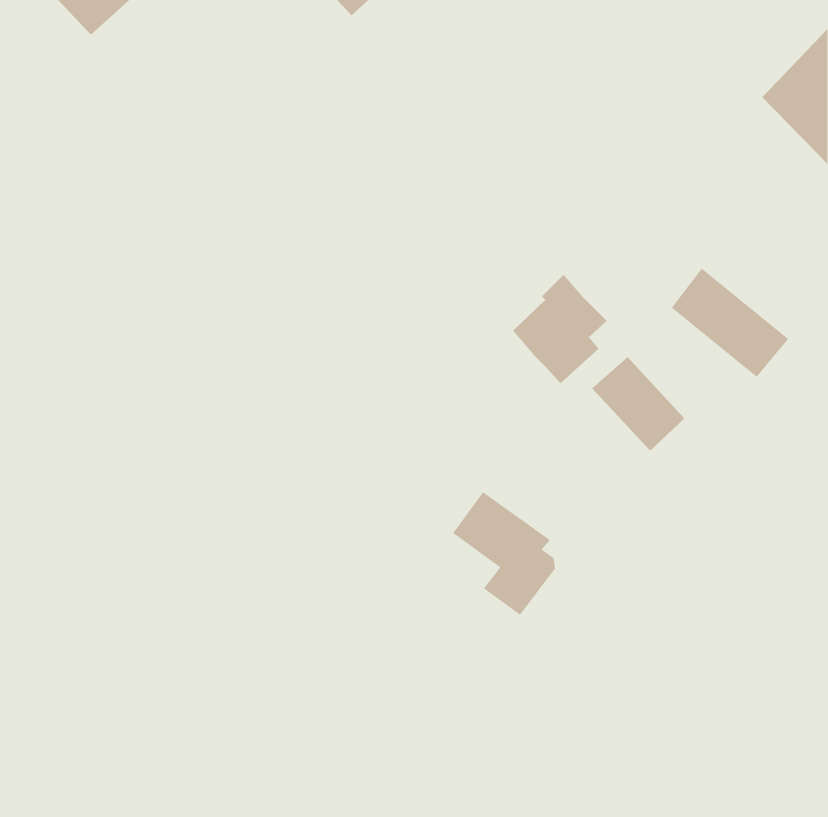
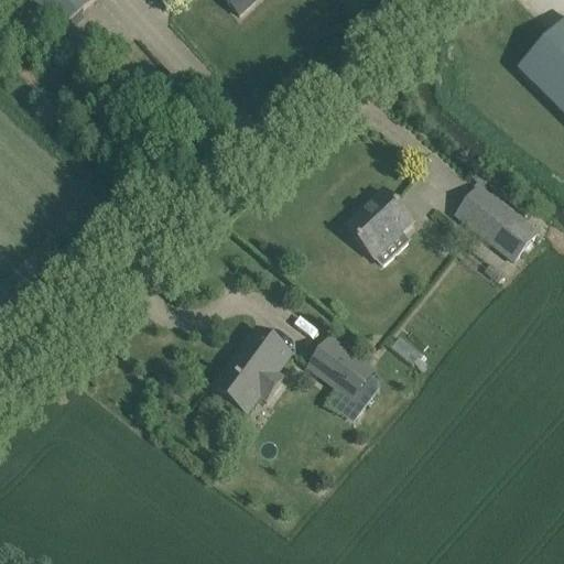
building: [591,356,685,452] -> none
building: none -> [212,326,291,410]

